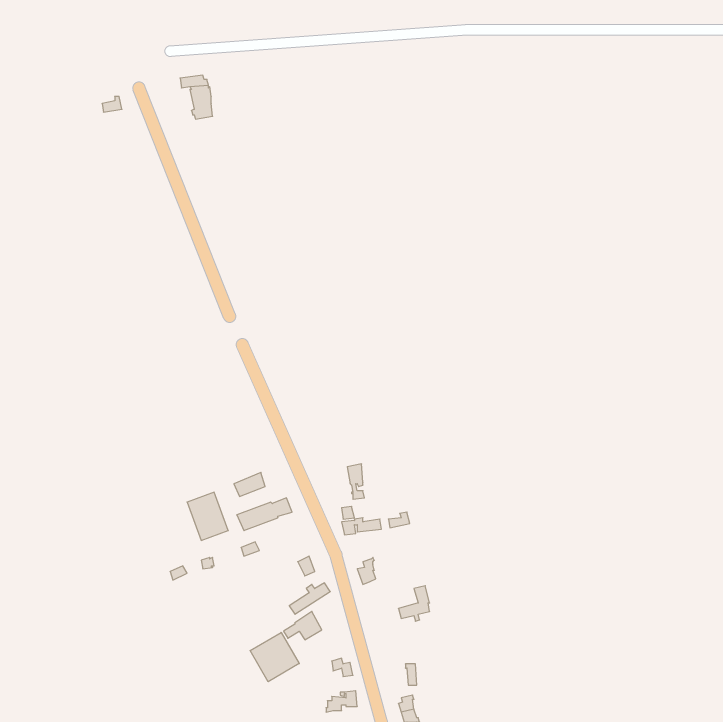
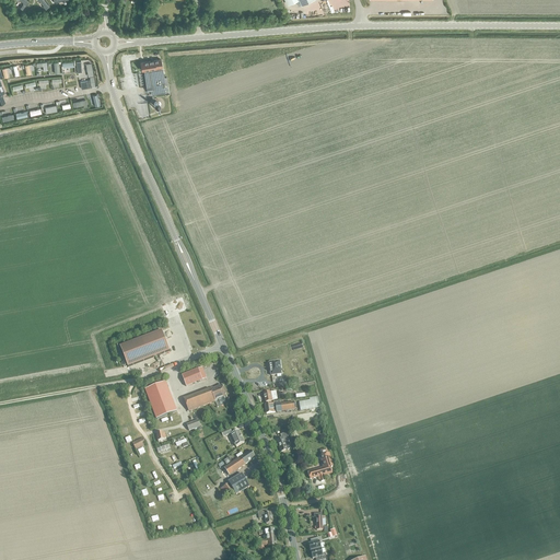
building: none -> [118,328,168,365]
building: [250,632,299,682] -> none

